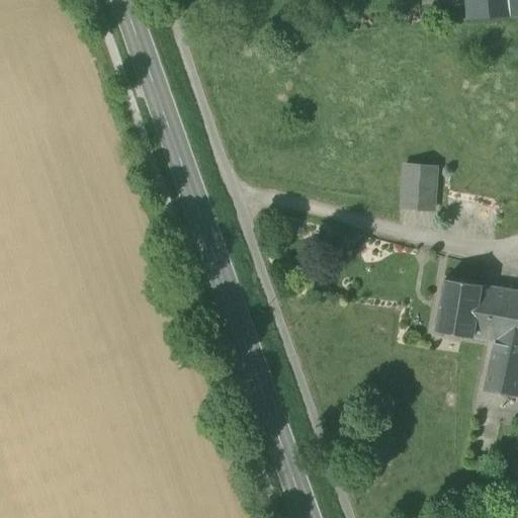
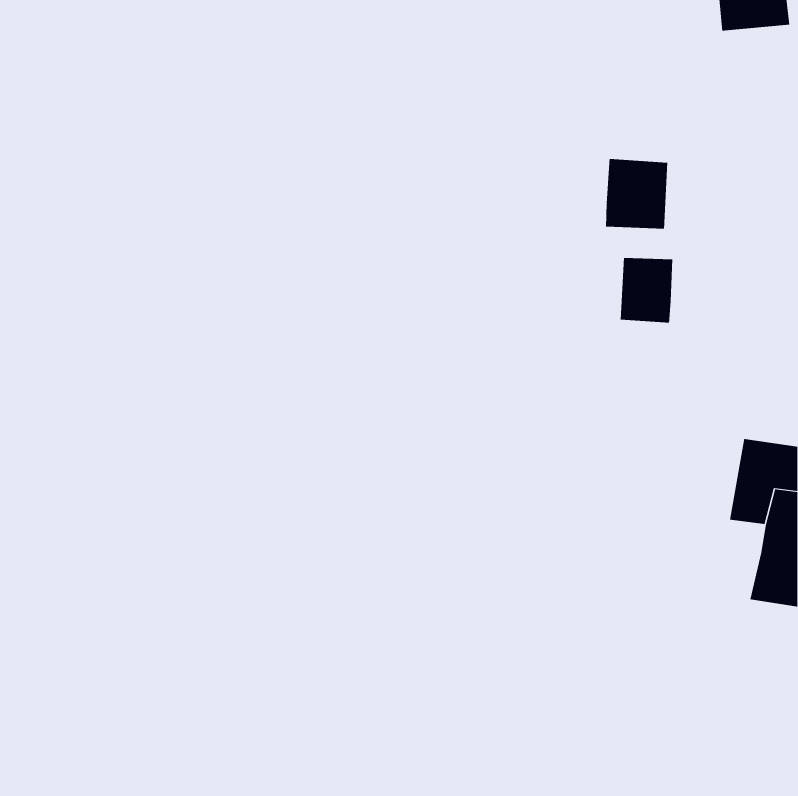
building: none -> [606,158,668,229]
building: [437,278,482,337] -> none

